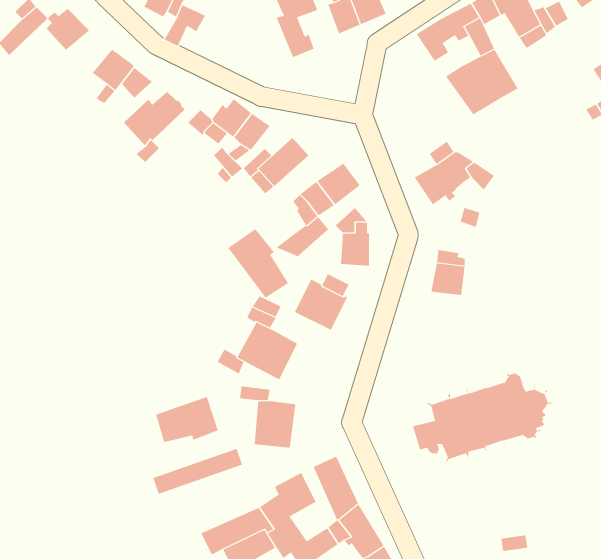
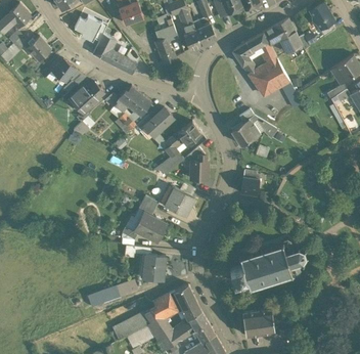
building: none -> [100,46,136,74]
building: [228,228,289,298] -> none
building: [156,396,218,443] -> none
building: none -> [242,308,275,336]

